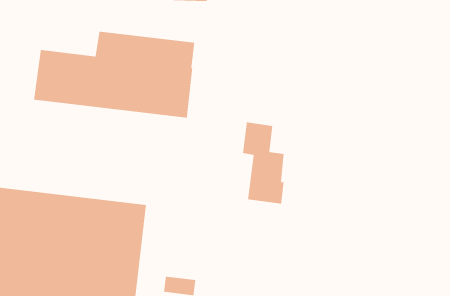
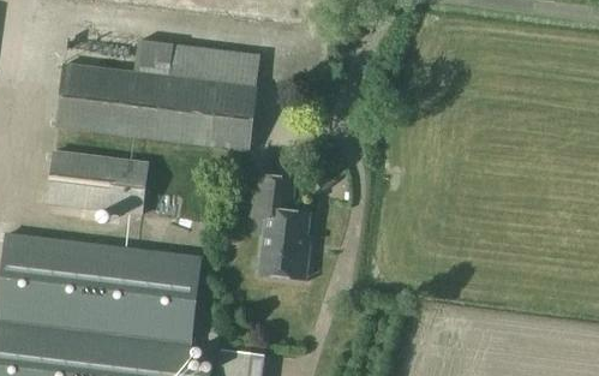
building: none -> [46,150,148,216]
building: [242,122,285,205] -> [254,174,307,277]

